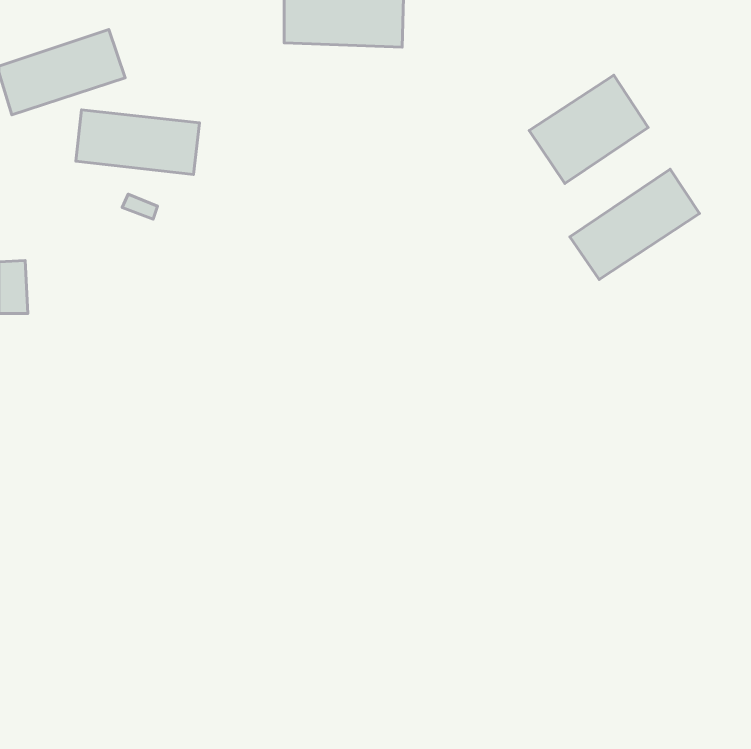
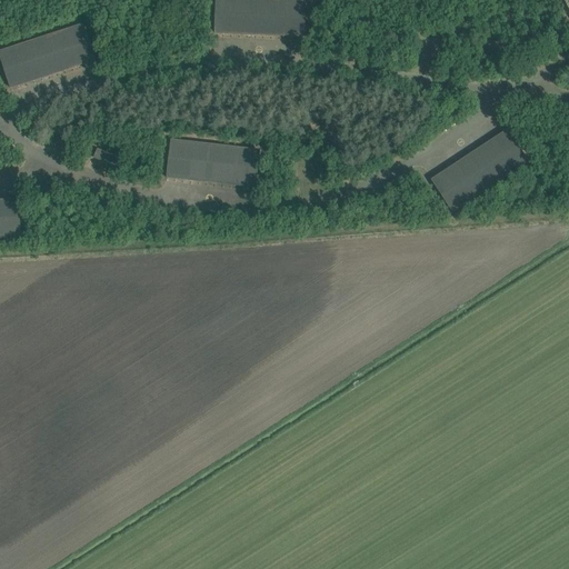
building: [529,75,648,184] -> none
building: [76,110,199,174] -> [166,138,259,187]

